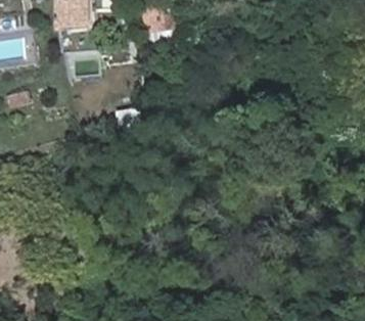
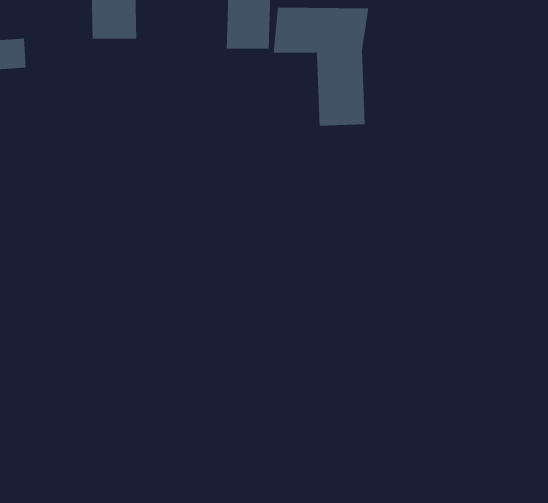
building: none -> [273,7,369,127]

